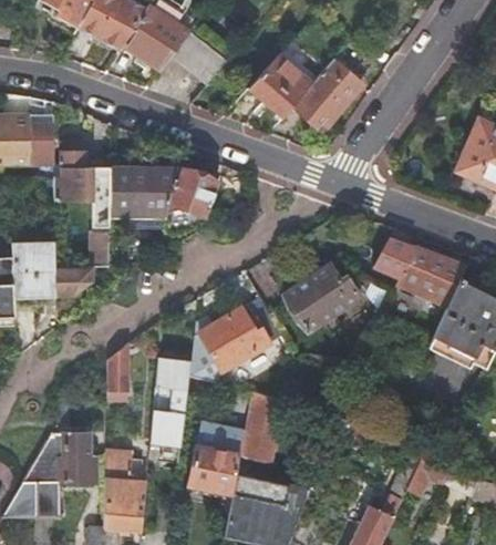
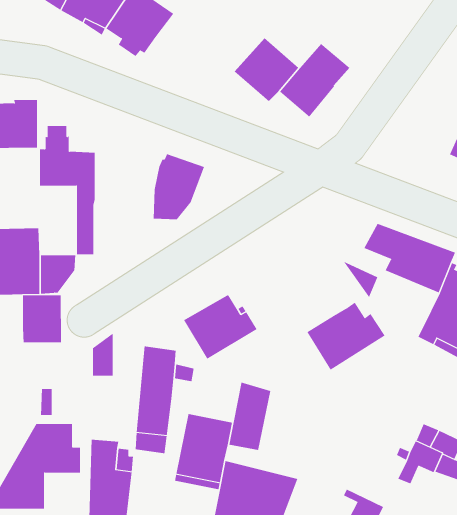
building: [170,31,227,84] -> none
building: [111,173,176,215] -> none
building: [282,264,360,331] -> [307,302,385,371]
building: none -> [22,295,62,343]

